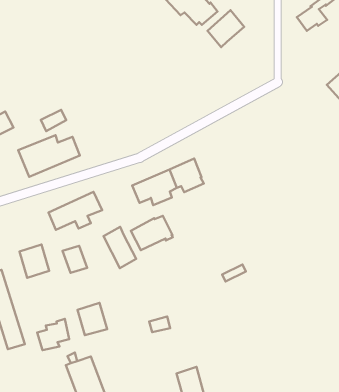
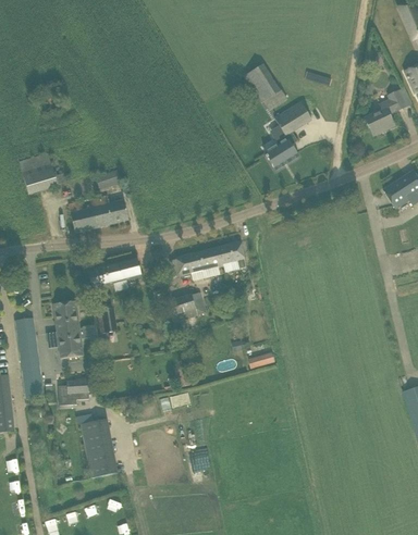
building: none -> [263,130,299,171]
building: [104,227,136,268] -> none
building: [77,303,107,335] -> [57,327,83,357]

